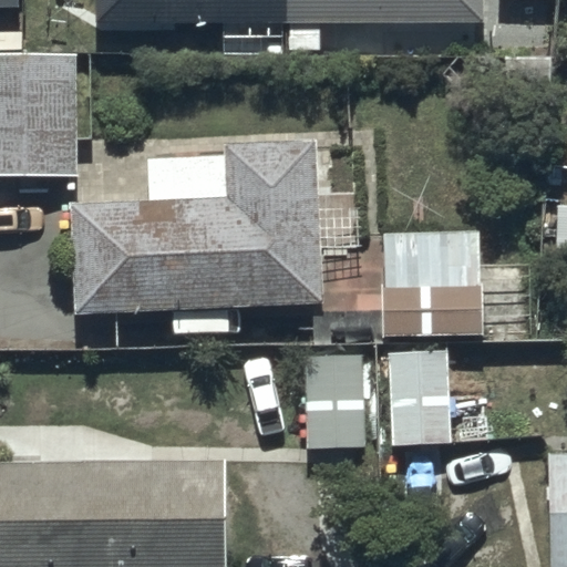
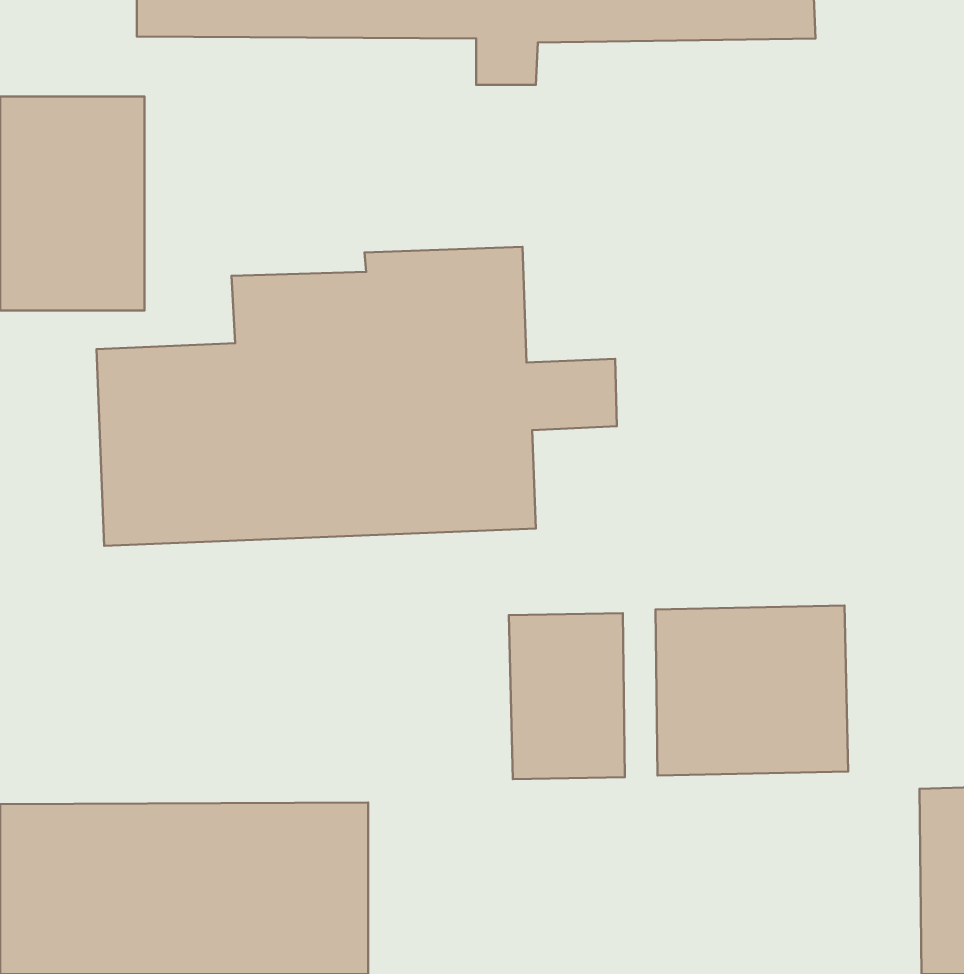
building: [378,249,524,336] -> none

